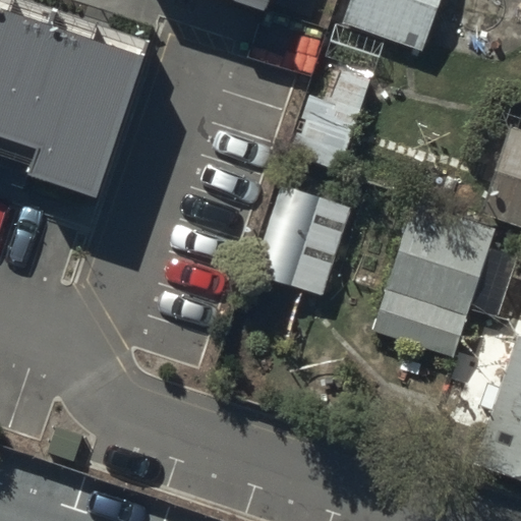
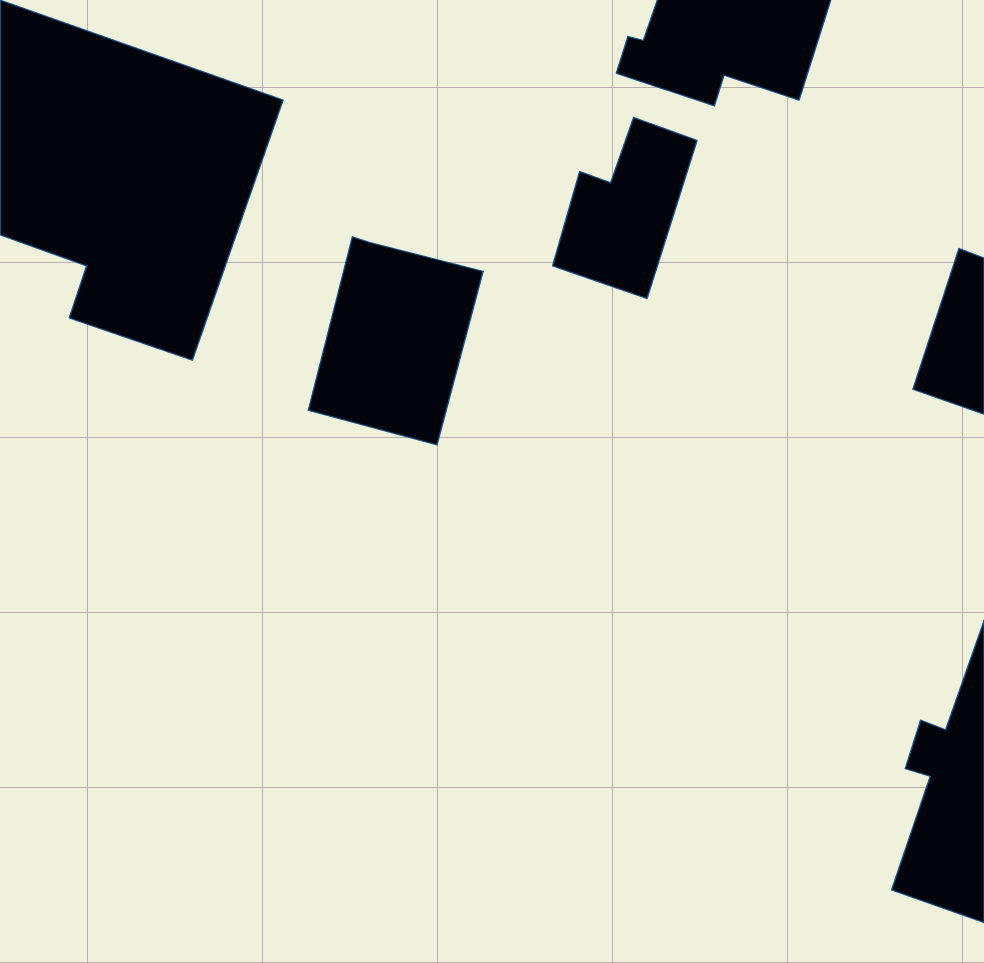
building: [257,187,350,297] -> [308,237,483,445]
building: [367,204,515,358] -> none

